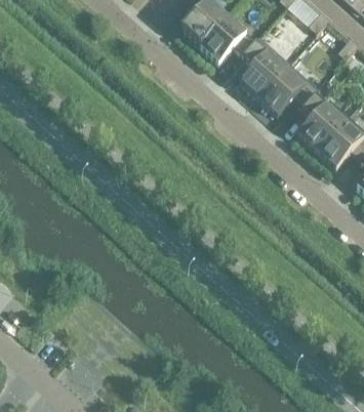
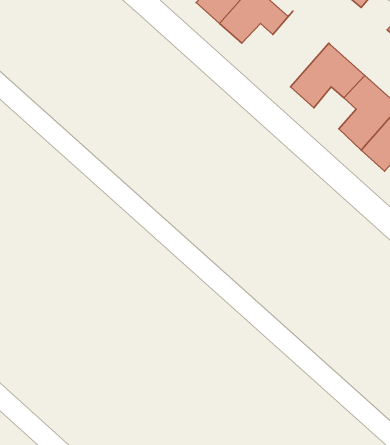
building: [238,36,289,98] -> none

